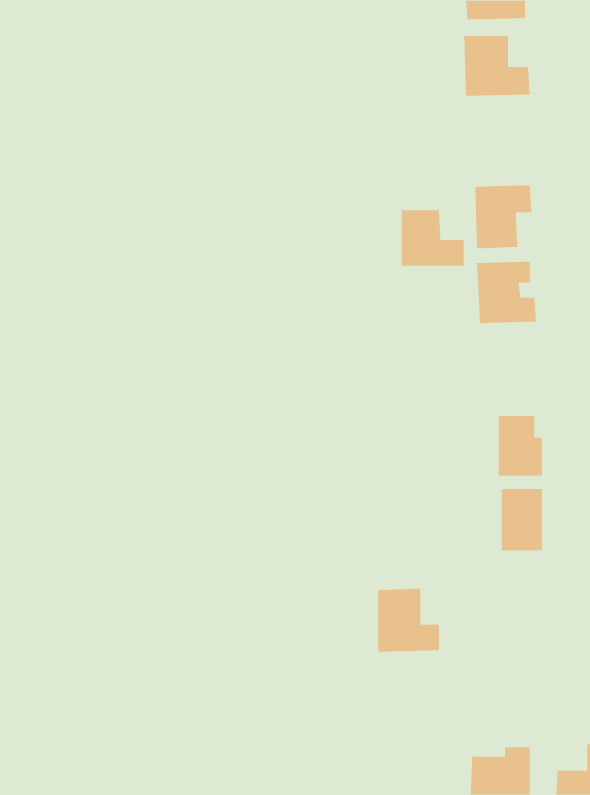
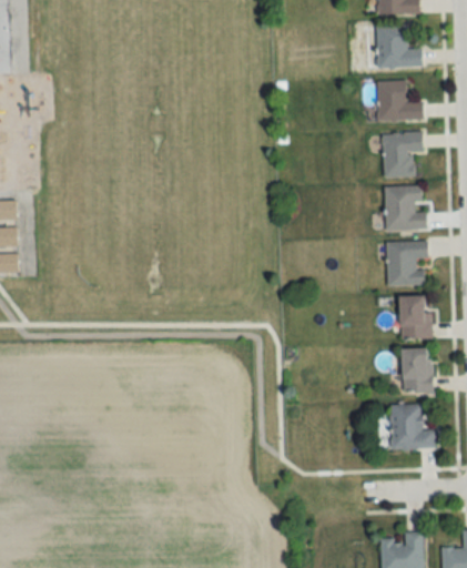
building: [401,210,465,266] -> [377,81,423,121]
building: none -> [387,241,428,286]
building: [378,588,440,652] -> [390,404,435,449]

